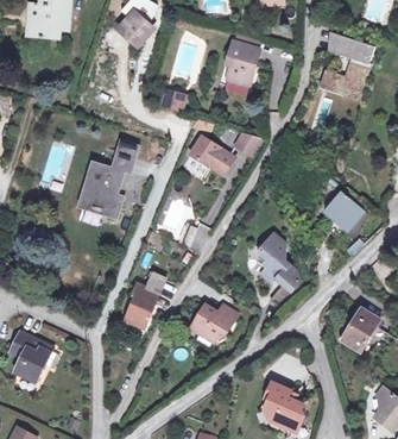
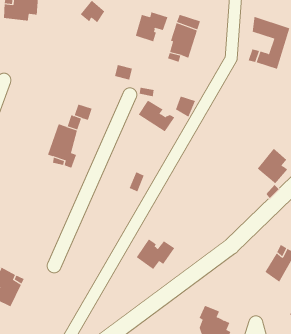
building: none -> [135,12,168,42]
building: [258,234,298,307] -> none
building: [127,281,159,325] -> none

